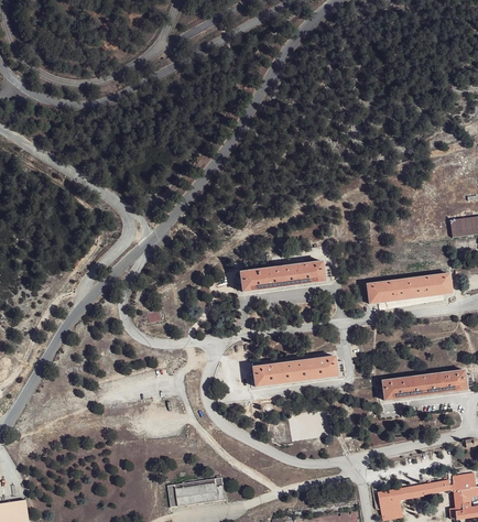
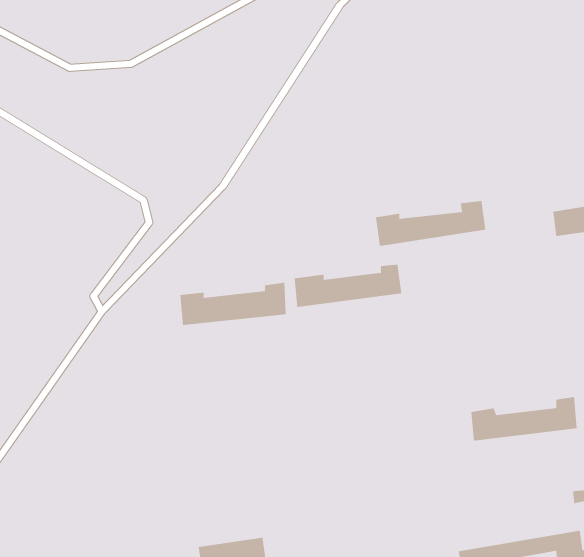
building: [363,271,452,307] -> [375,201,486,246]
building: [256,354,340,388] -> [179,282,287,325]

